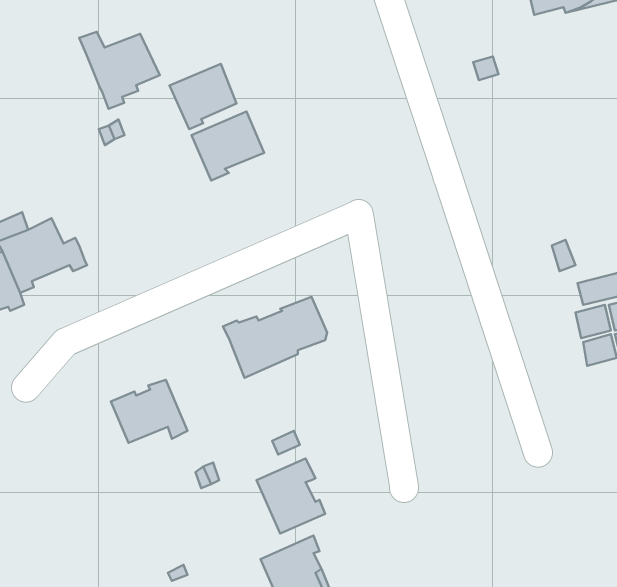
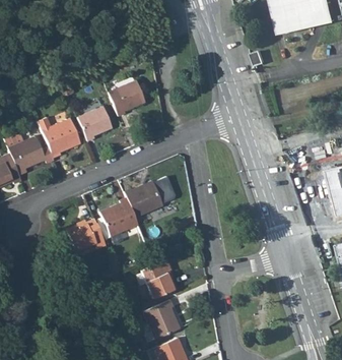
building: [79,32,160,109] -> [36,118,77,158]
building: [170,64,237,129] -> [75,107,110,140]
building: none -> [98,197,136,236]

